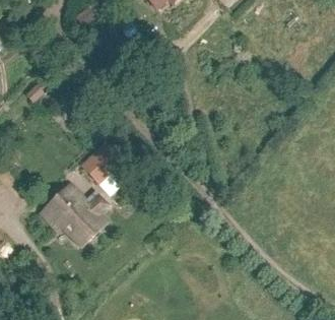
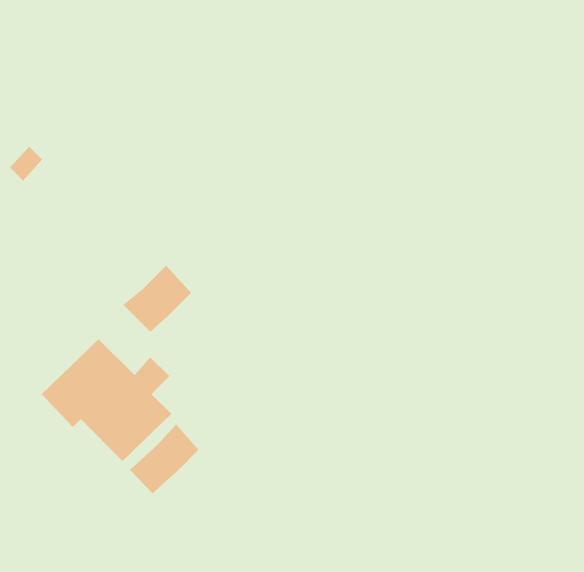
building: none -> [129,424,199,494]

